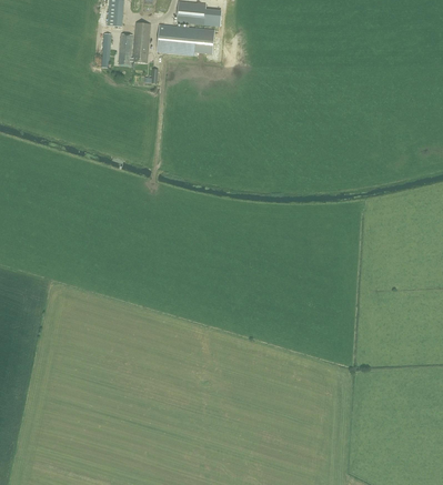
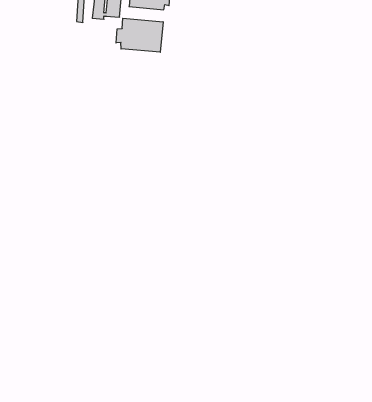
building: none -> [116,18,163,52]

